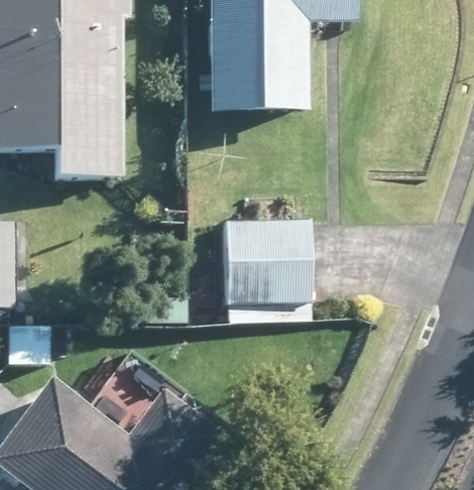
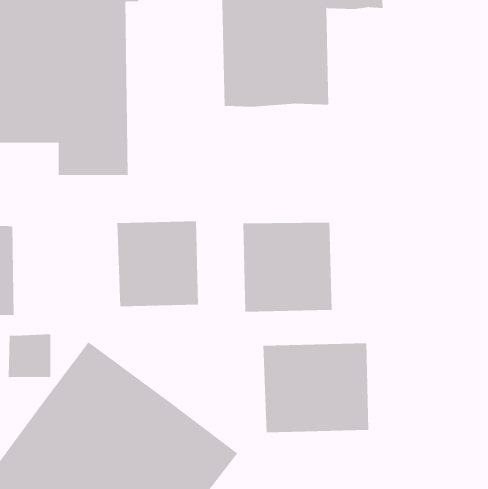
building: none -> [117,221,199,307]
building: none -> [263,343,369,433]

